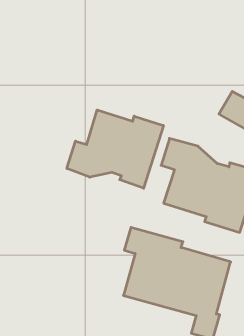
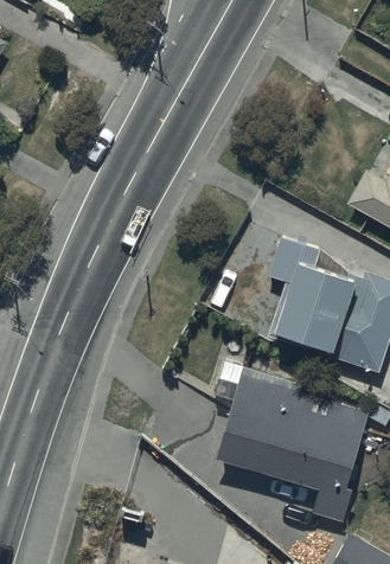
building: [67,110,163,188] -> none

